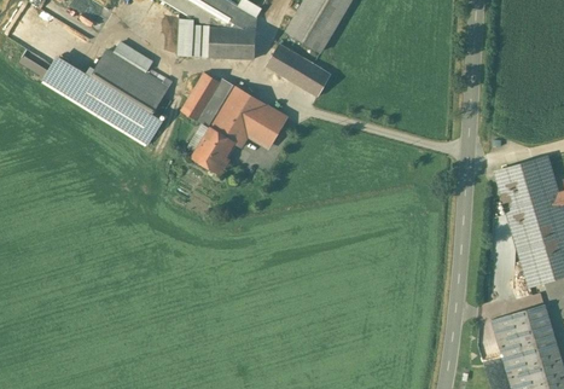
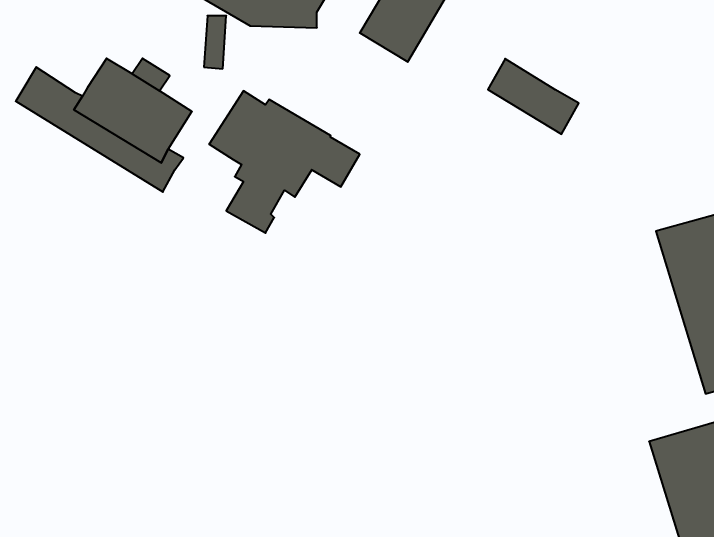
building: [209,27,256,58] -> none
building: [266,43,330,97] -> [488,59,579,134]

